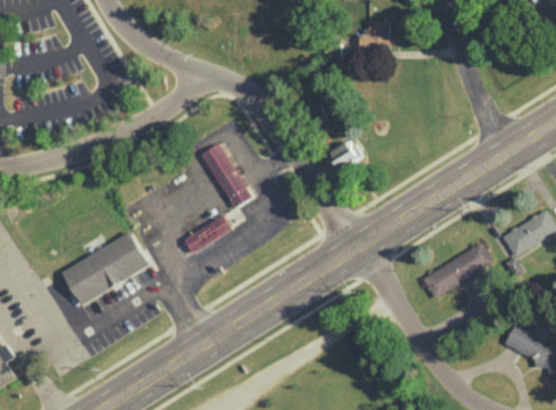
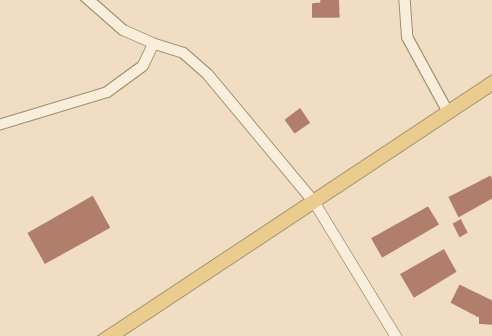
building: [202,144,253,209] -> none
building: [185,215,232,254] -> none
building: none -> [399,248,458,299]

